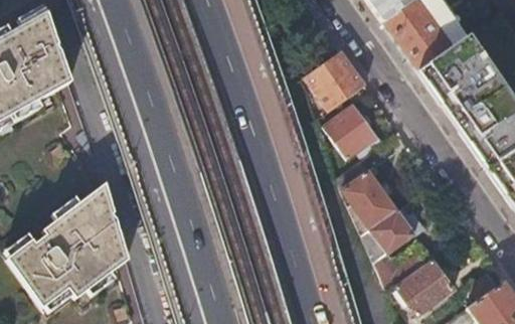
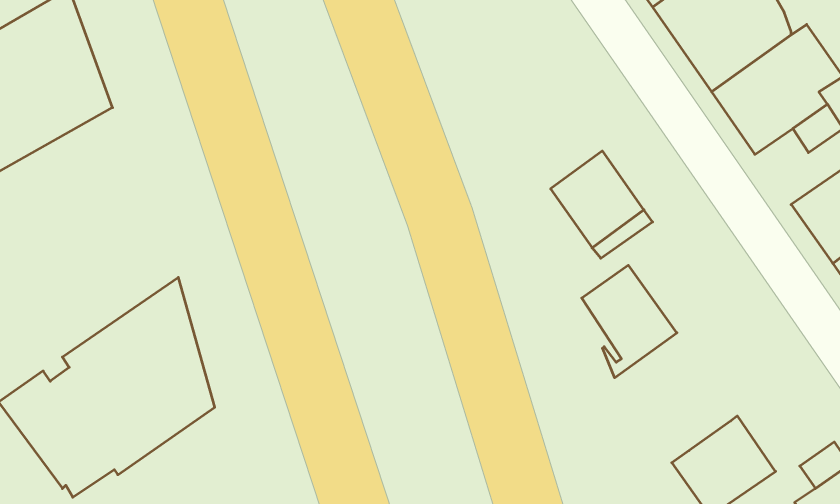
building: [305,51,366,113] -> none
building: [361,210,428,292] -> none

